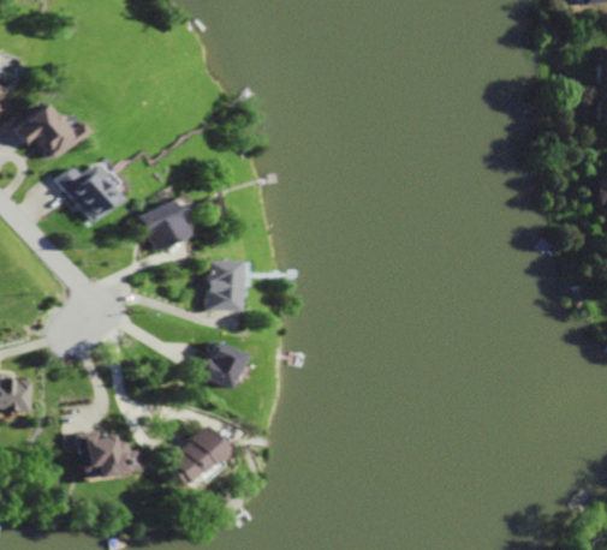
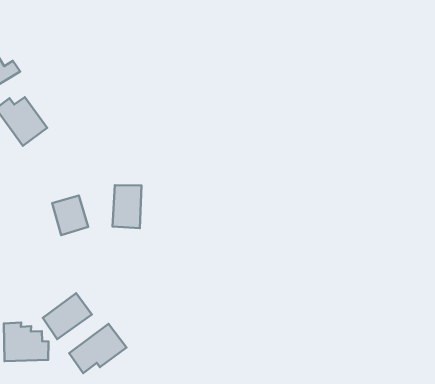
building: [141,201,185,249] -> [52,196,88,235]
building: [201,341,243,388] -> none
building: none -> [43,293,92,339]

